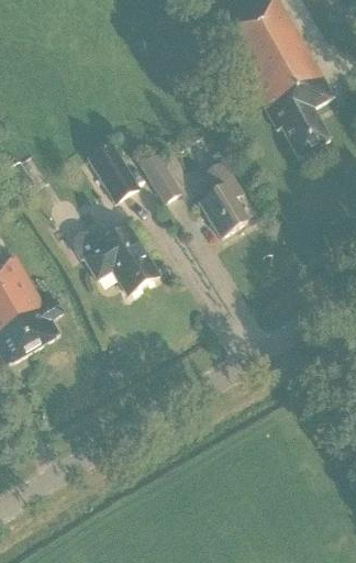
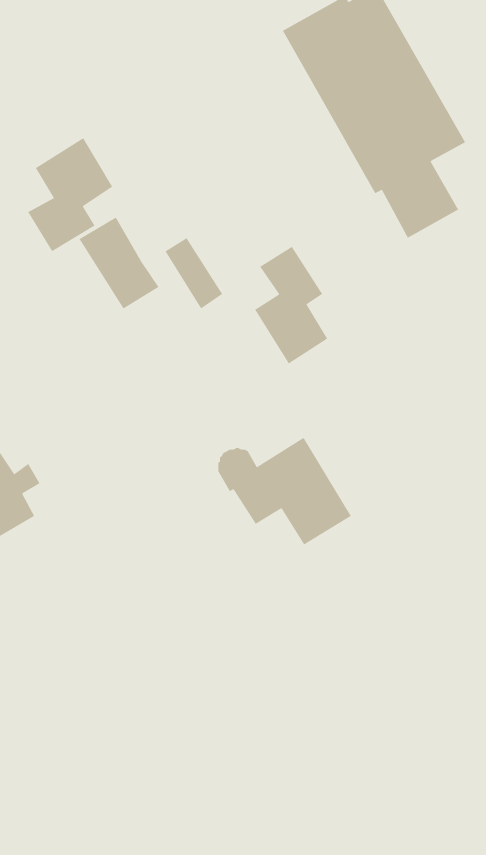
building: none -> [27,137,113,252]
building: [73,224,158,294] -> [218,437,352,545]

